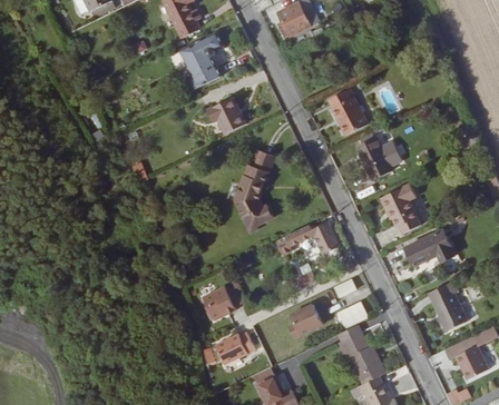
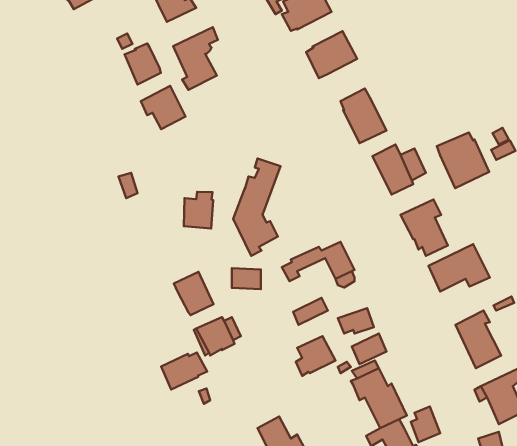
building: none -> [306,31,357,78]
building: none -> [124,44,161,85]
building: [207,97,246,135] -> [141,86,186,129]
building: none -> [437,132,489,188]
building: none -> [184,192,213,229]
building: none -> [232,268,261,289]
building: none -> [174,272,213,315]
building: [215,333,255,365] -> [161,352,207,390]

